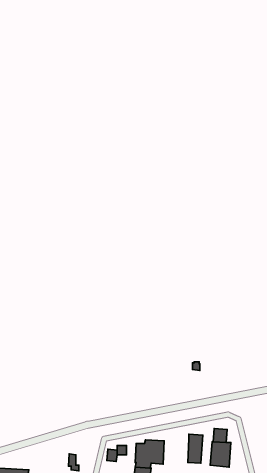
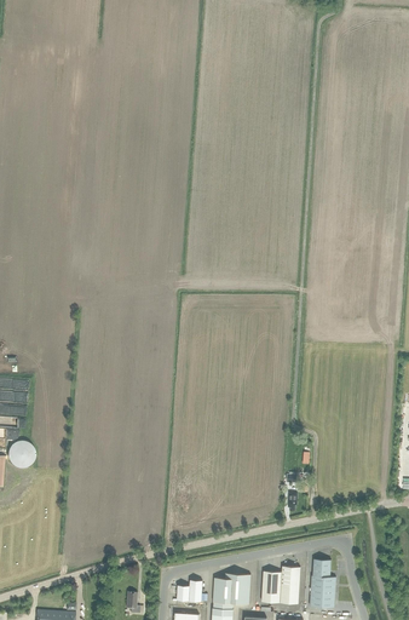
building: none -> [260,570,281,602]

